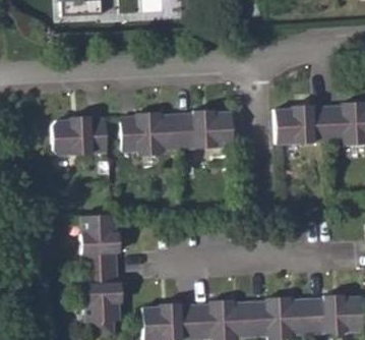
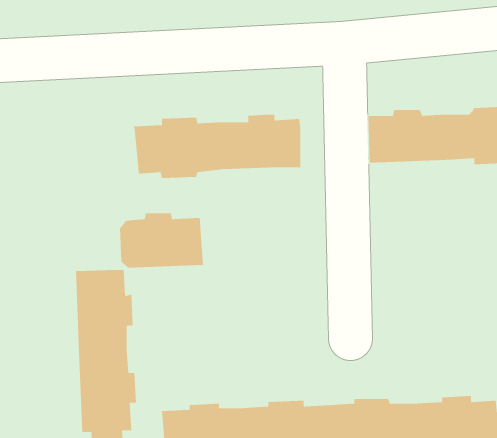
building: [52,115,108,152] -> [119,213,204,268]

